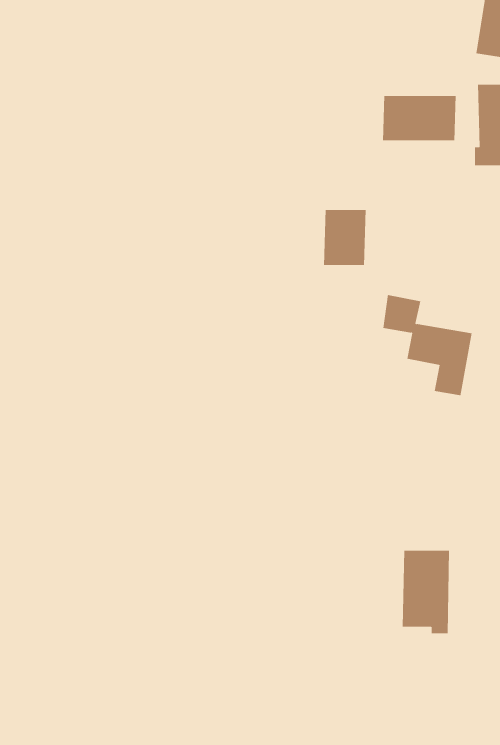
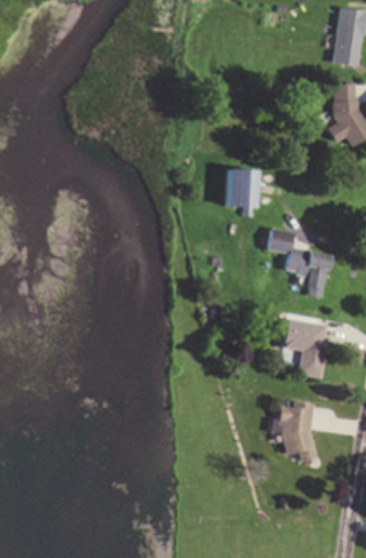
building: [382,95,456,141] -> none
building: none -> [284,319,330,379]

